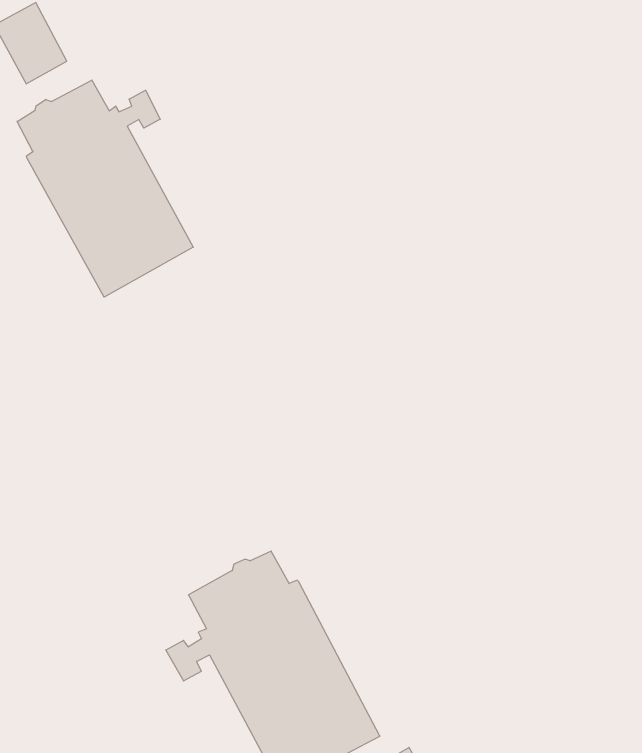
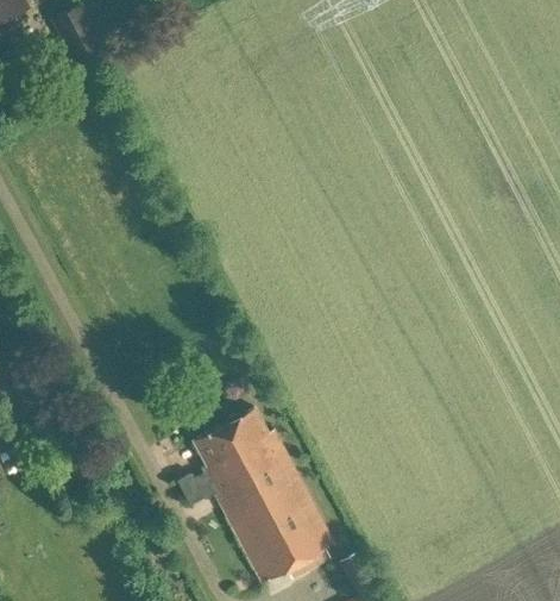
building: [17,80,193,297] -> none

